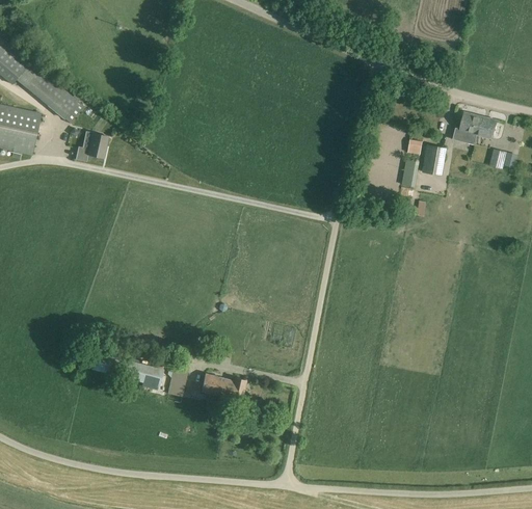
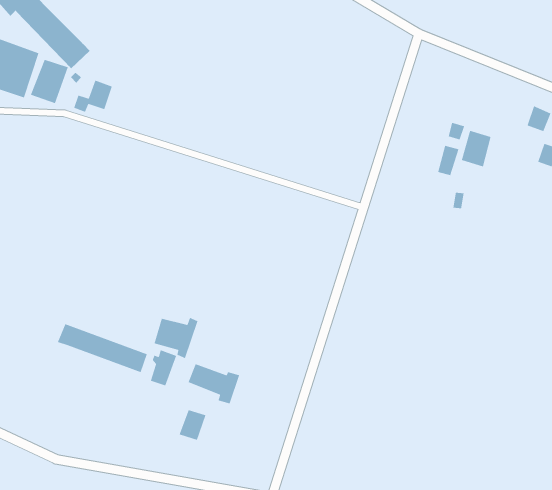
building: [450,113,479,144] -> none
building: none -> [30,59,69,104]
building: none -> [154,317,199,359]
building: none -> [179,409,206,441]

